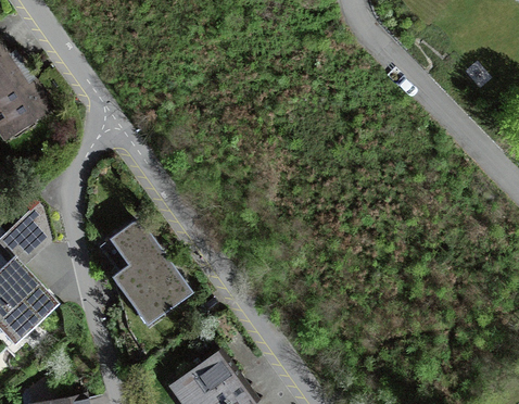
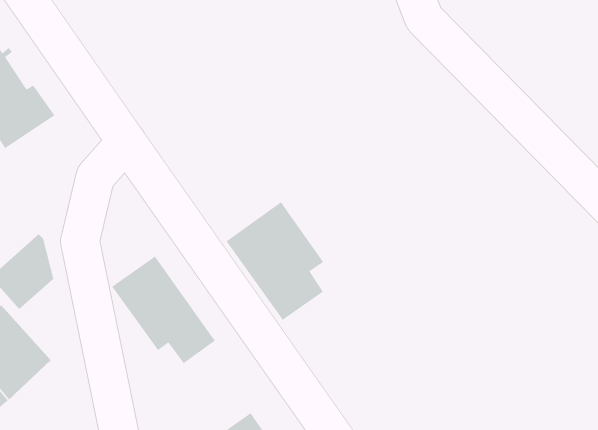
building: none -> [225,201,324,321]

